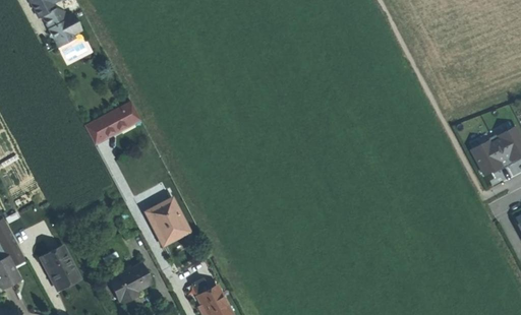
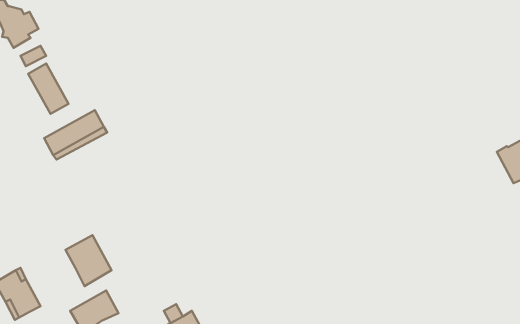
building: none -> [28,64,68,114]
building: [471,139,508,178] -> none
building: [146,197,187,243] -> [65,235,112,286]

